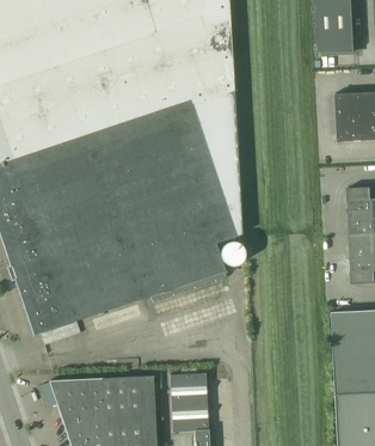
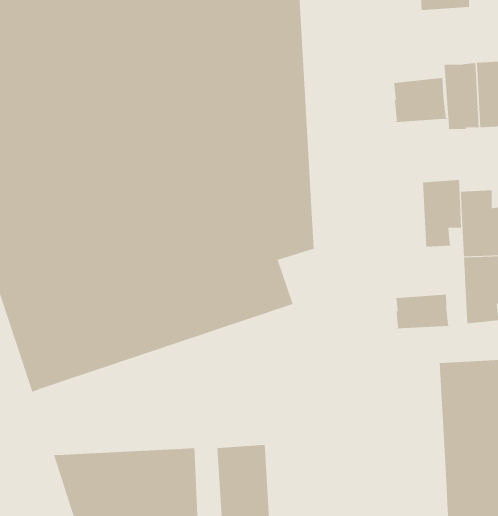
building: none -> [393,77,448,123]
building: none -> [423,179,461,248]
building: none -> [396,294,450,329]

